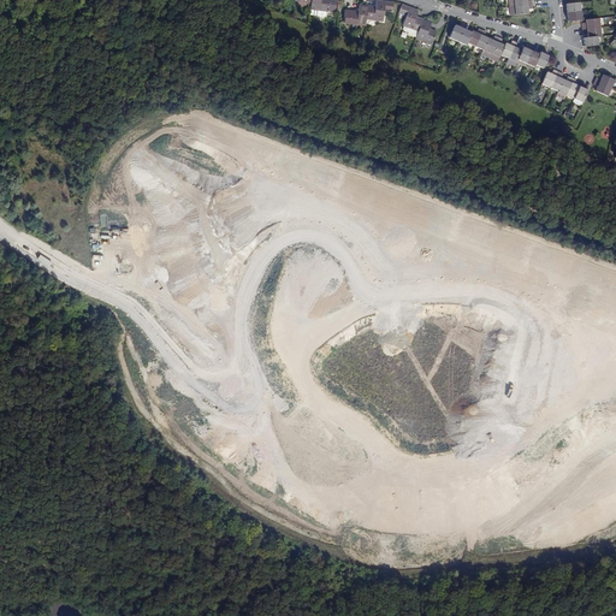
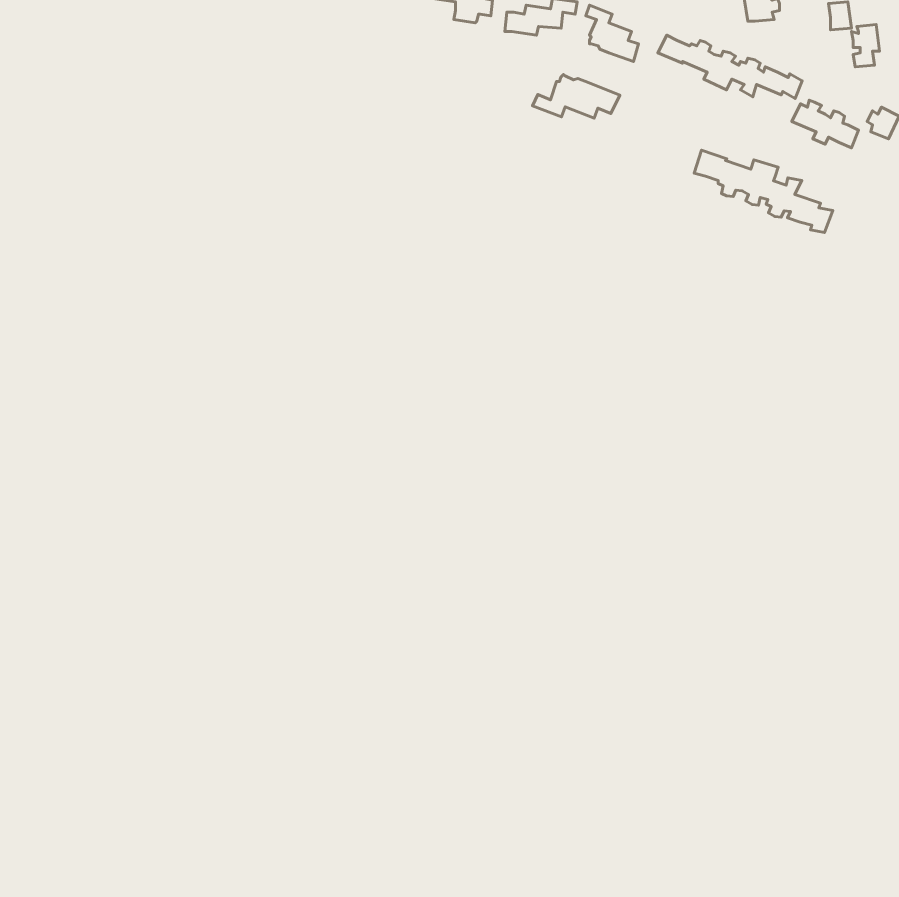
building: none -> [533,74,620,118]
building: none -> [694,150,833,232]

